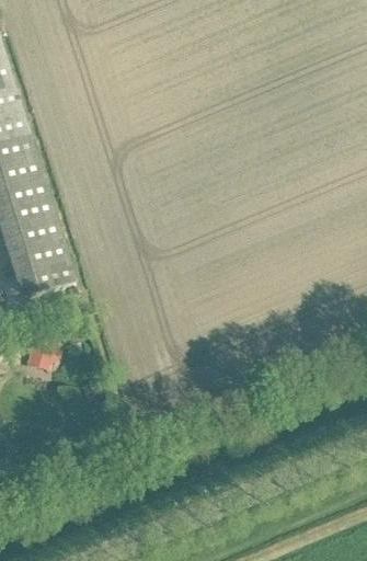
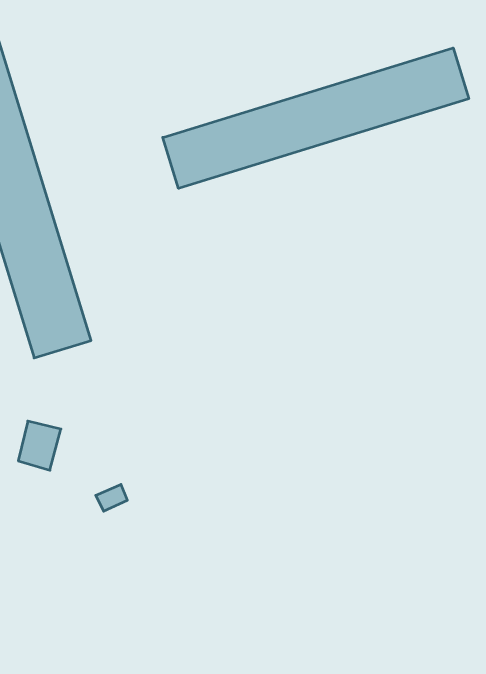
building: none -> [163,48,469,188]

